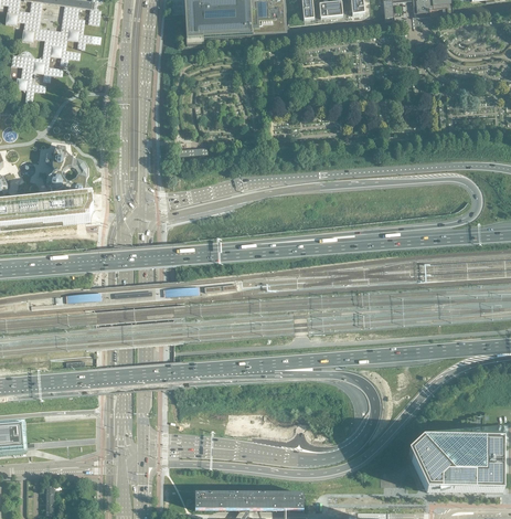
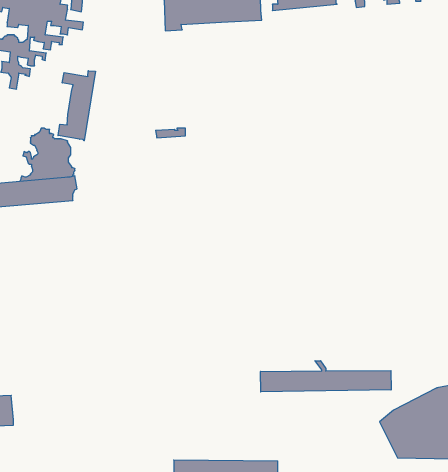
building: none -> [58,71,95,141]
building: none -> [261,361,391,392]

